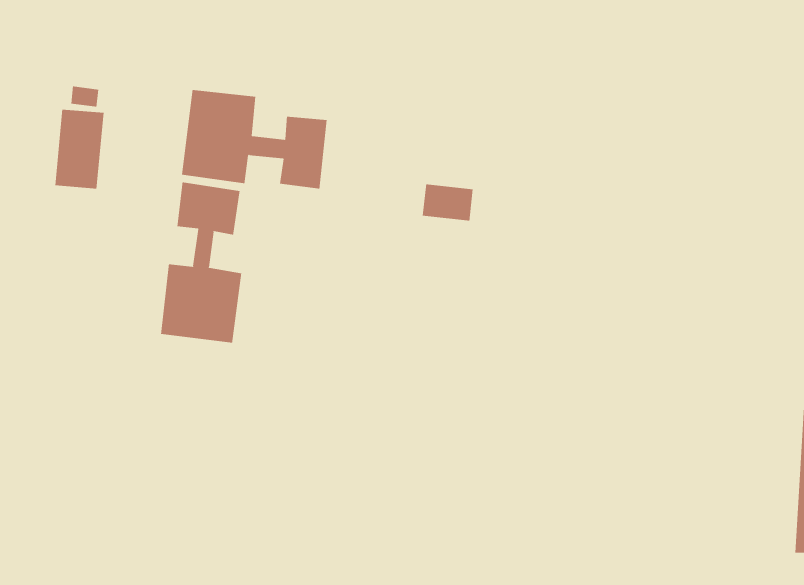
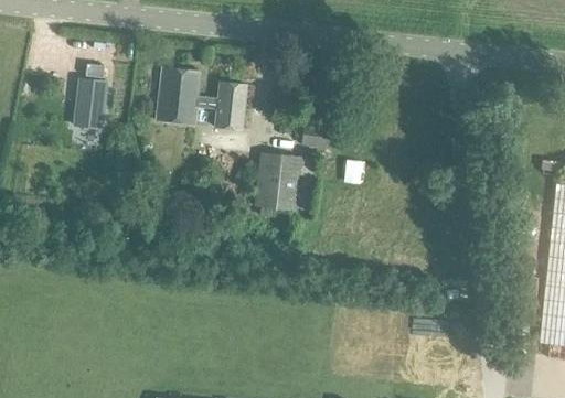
building: [160,182,242,343] -> none
building: none -> [254,151,316,213]

